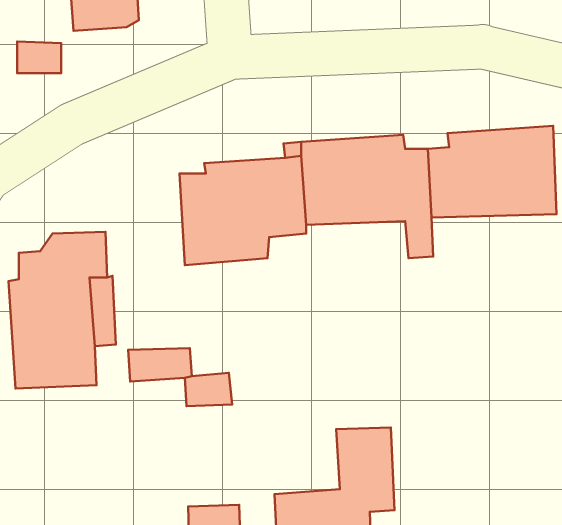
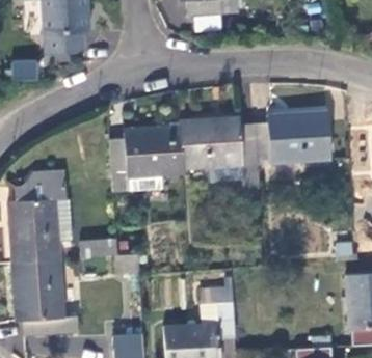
building: none -> [11,261,75,334]

